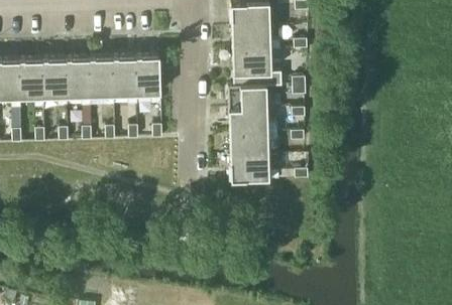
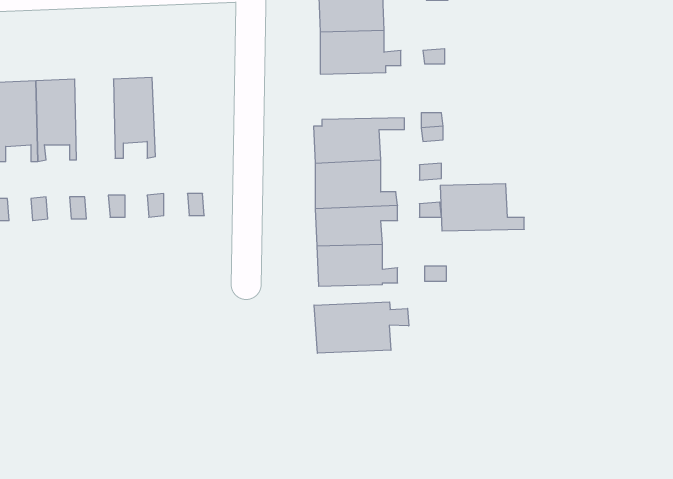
building: [231,54,281,83] -> [440,184,524,231]
building: [130,56,159,105] -> none
building: [84,58,108,107] -> none
building: none -> [314,302,409,353]

